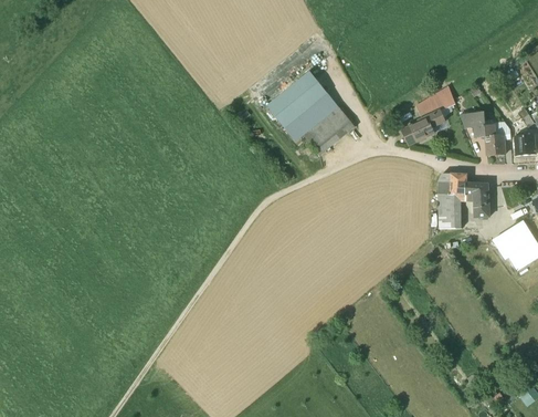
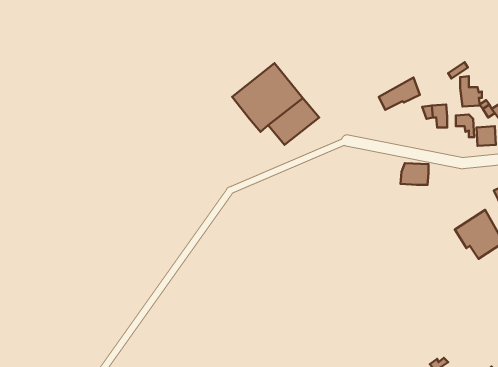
building: [402,110,445,144] -> none
building: [485,124,507,155] -> [460,76,482,107]
building: [465,183,489,217] -> none
building: [437,194,455,228] -> none

